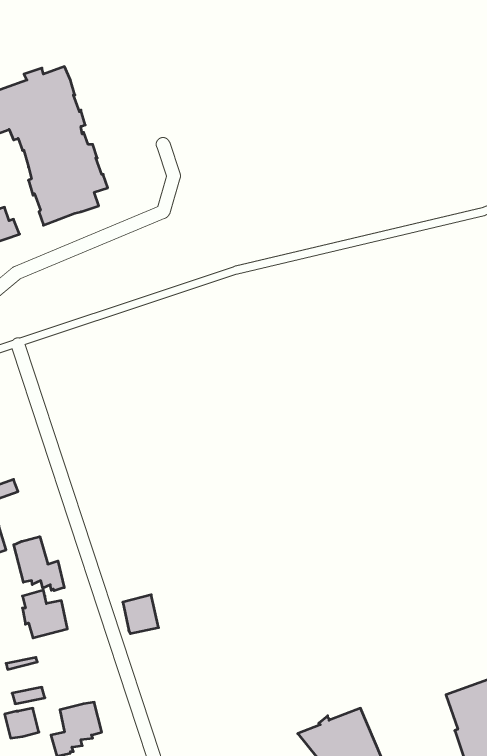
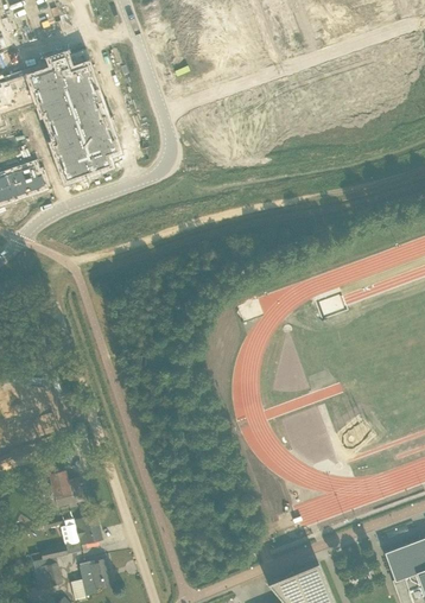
building: [14,537,64,591] -> none
building: [123,595,159,634] -> [74,514,102,545]

